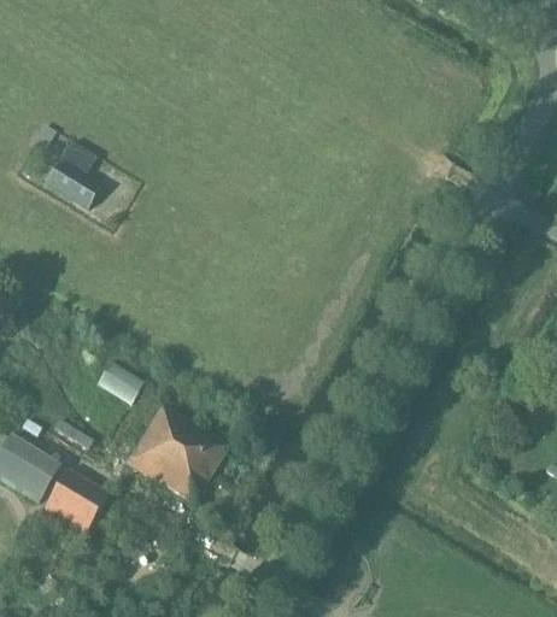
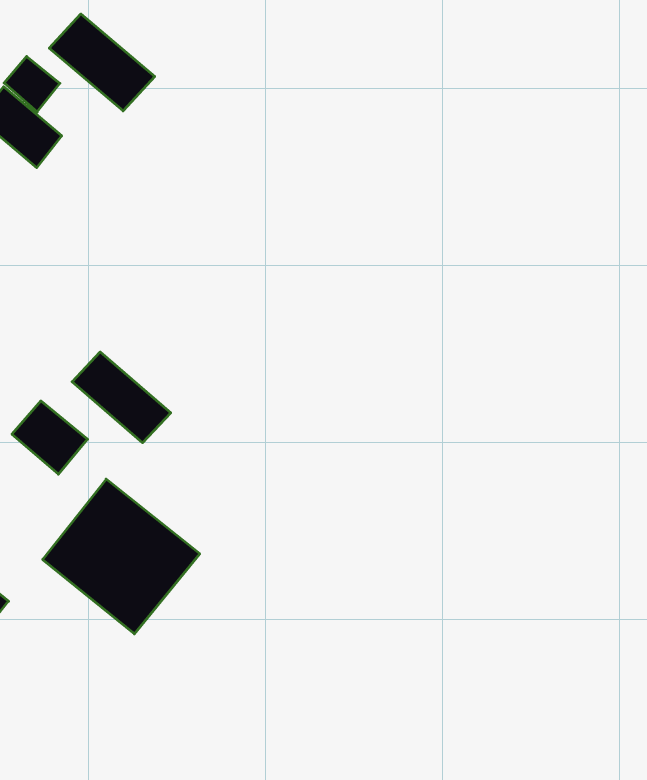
building: none -> [49,14,155,111]
building: none -> [72,352,171,443]

